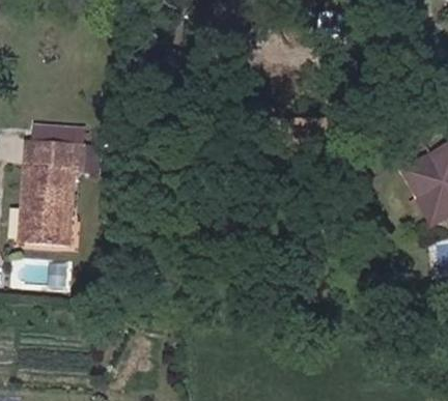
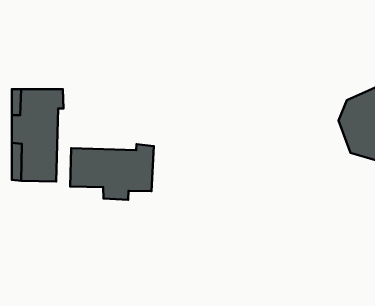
building: none -> [70,144,154,200]

